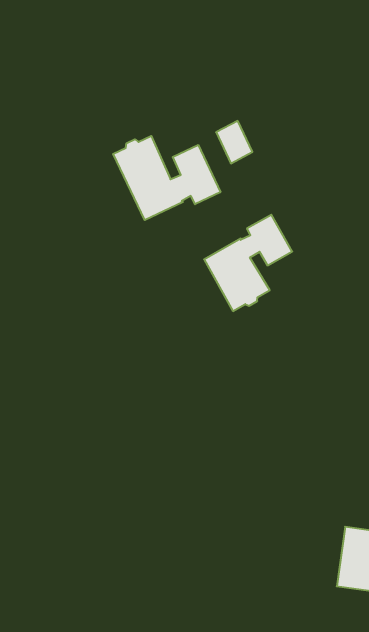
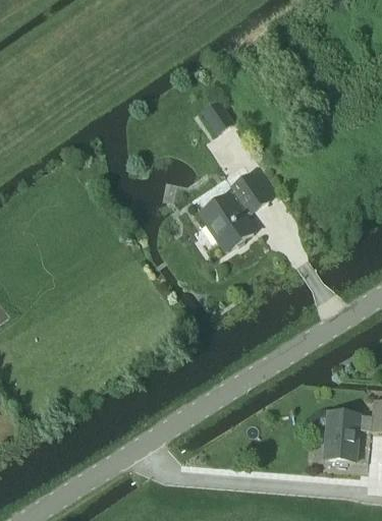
building: [113,136,220,220] -> none

